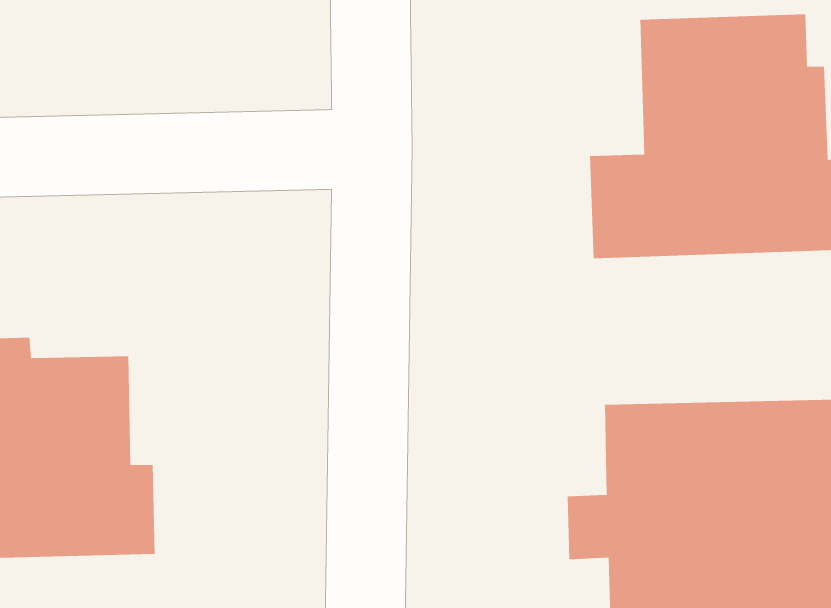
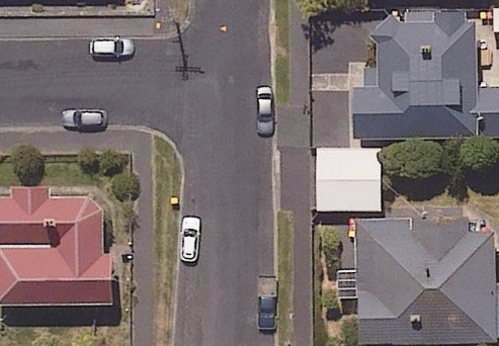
building: none -> [318,151,380,211]

